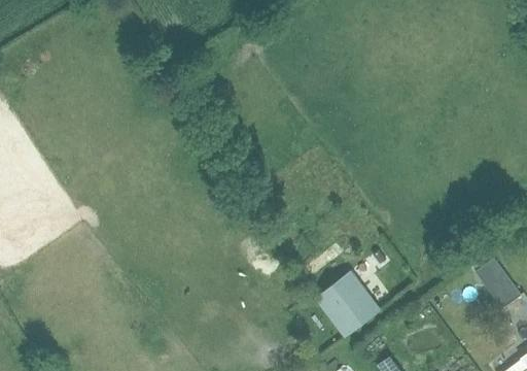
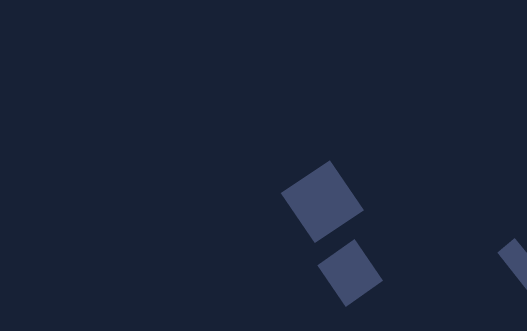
building: none -> [279,159,365,244]

